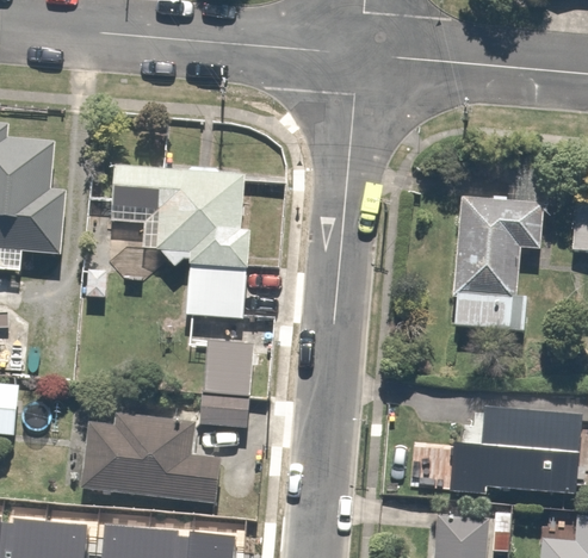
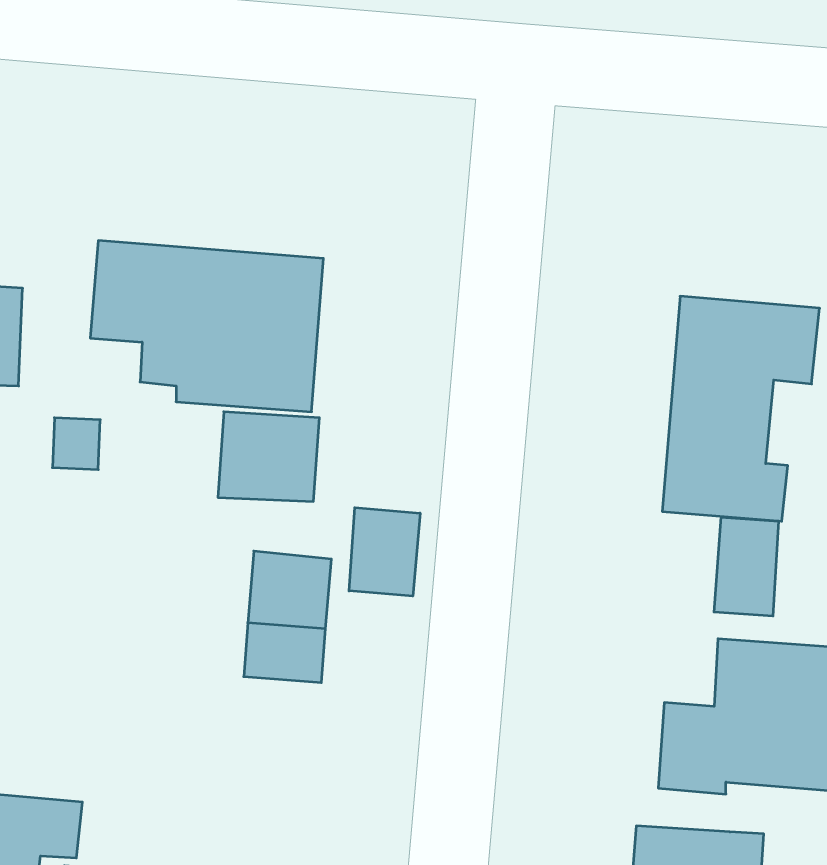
building: none -> [349,508,420,596]
building: none -> [714,517,778,616]
building: [74,407,223,504] -> none

